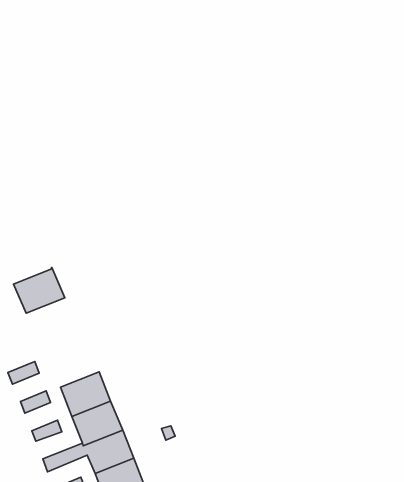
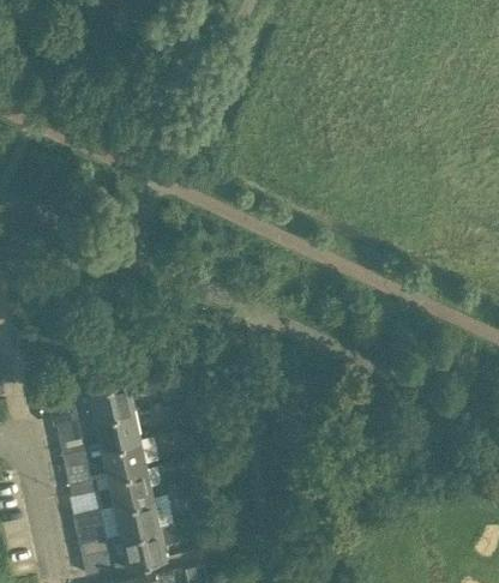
building: [14,268,65,313] -> [90,383,137,422]

